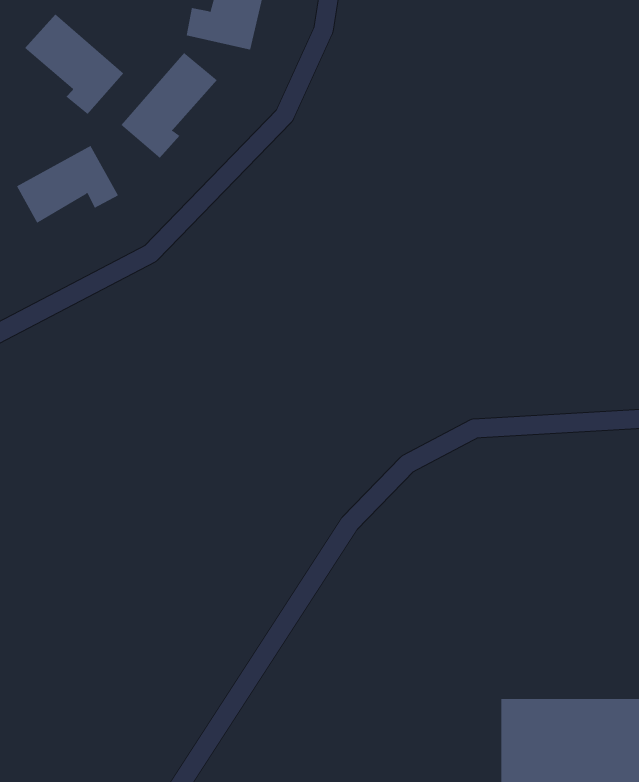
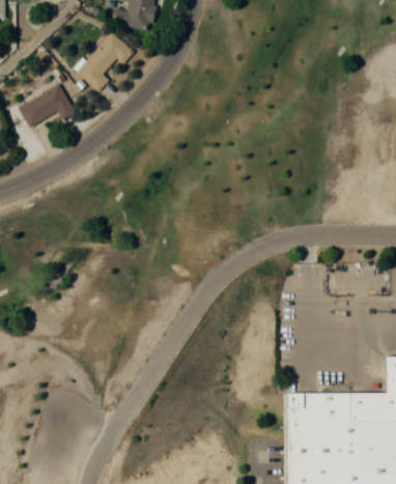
building: [24,13,124,115] -> none

